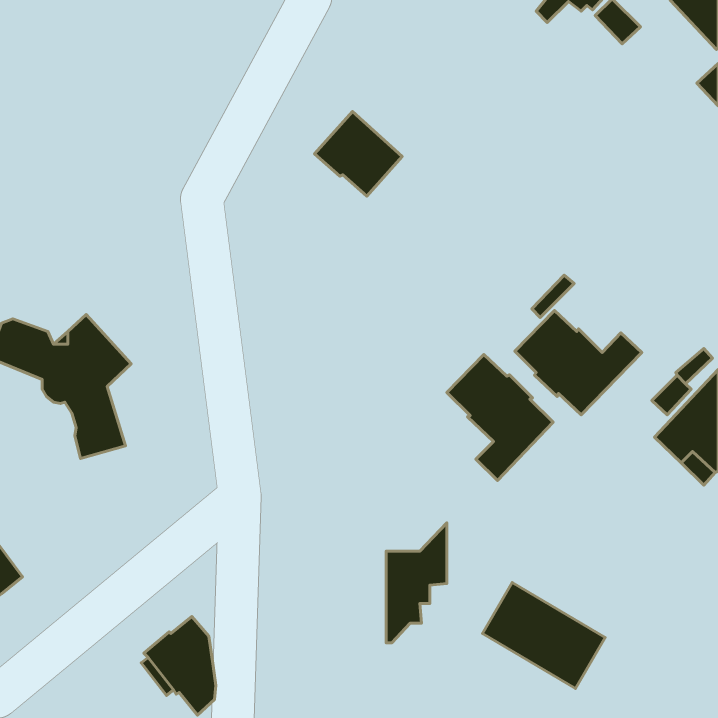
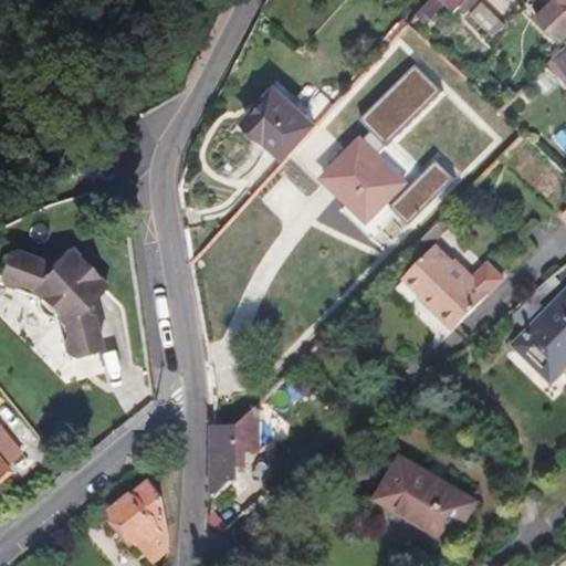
building: none -> [323,64,453,221]
building: [447,355,553,481] -> none
building: [386,523,447,643] -> [212,402,260,496]

